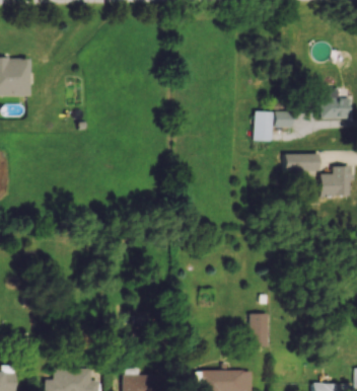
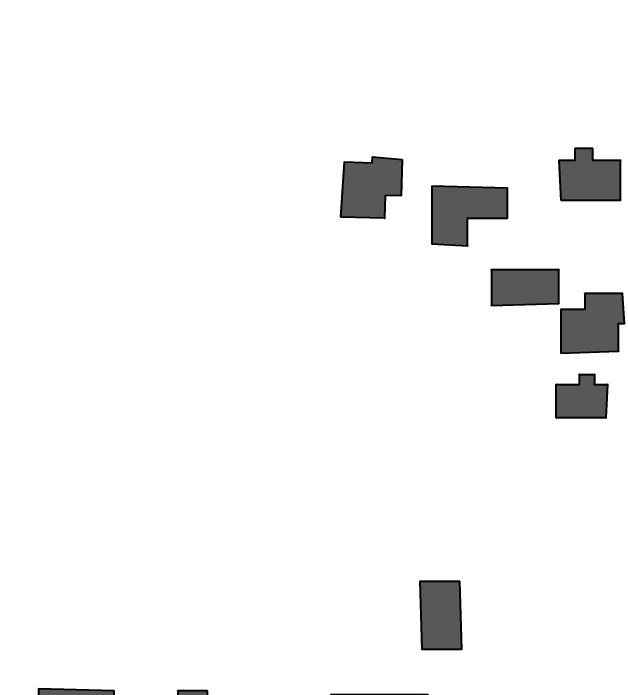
building: none -> [341,157,402,218]
building: none -> [556,374,608,418]

